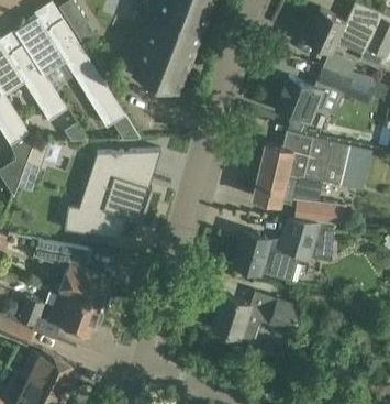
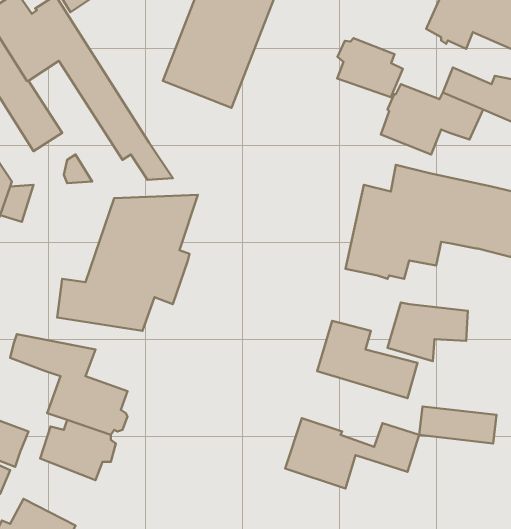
building: none -> [337,38,403,97]
building: [294,200,345,225] -> [419,406,496,443]

